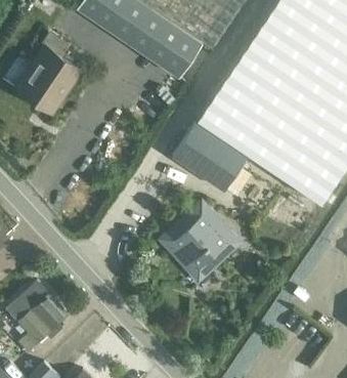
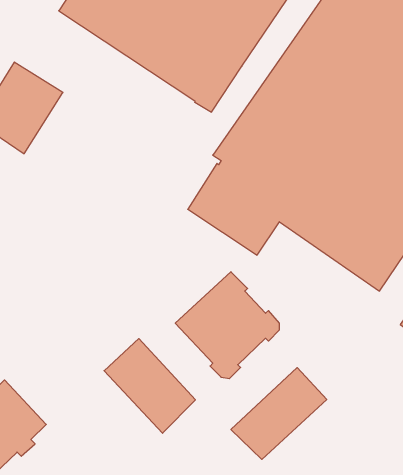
building: none -> [104,339,195,433]
building: none -> [231,368,327,459]

